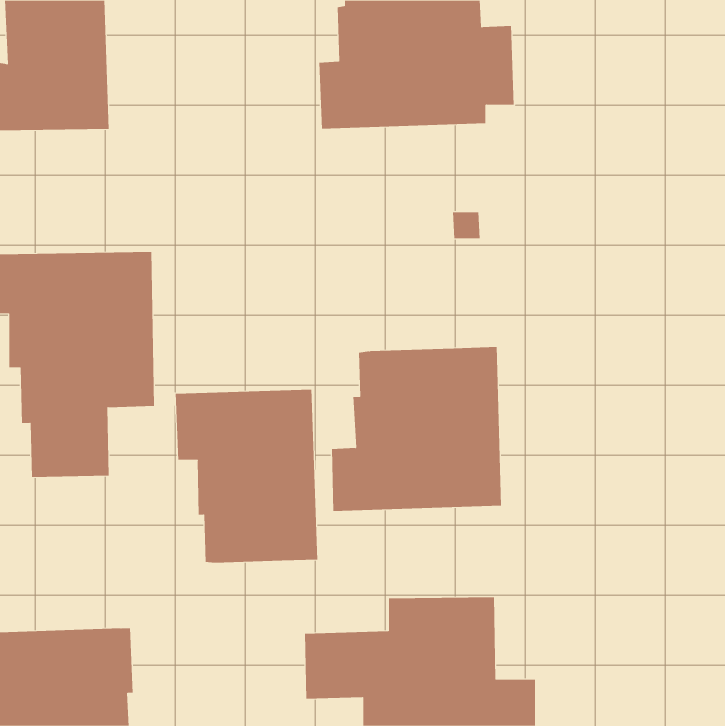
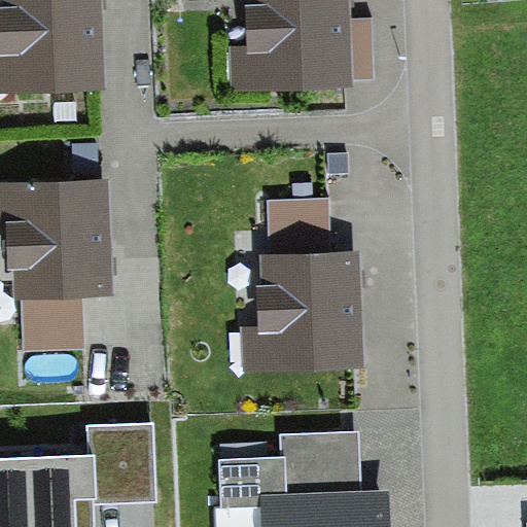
building: none -> [265,199,328,254]
building: [175,389,318,563] -> none
building: none -> [86,424,154,502]

